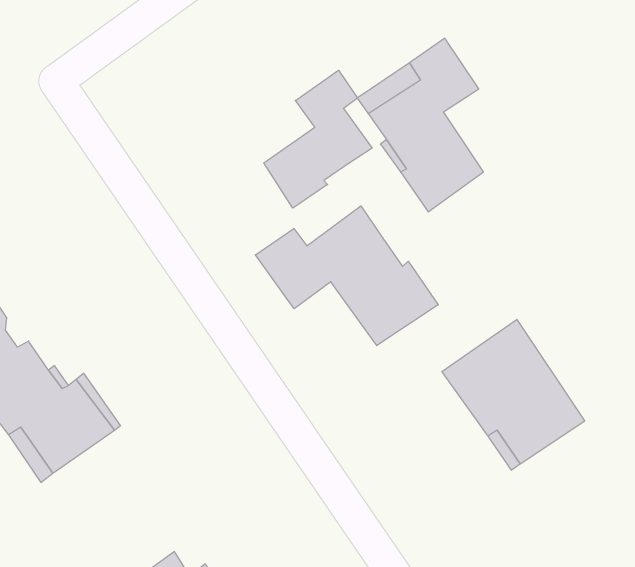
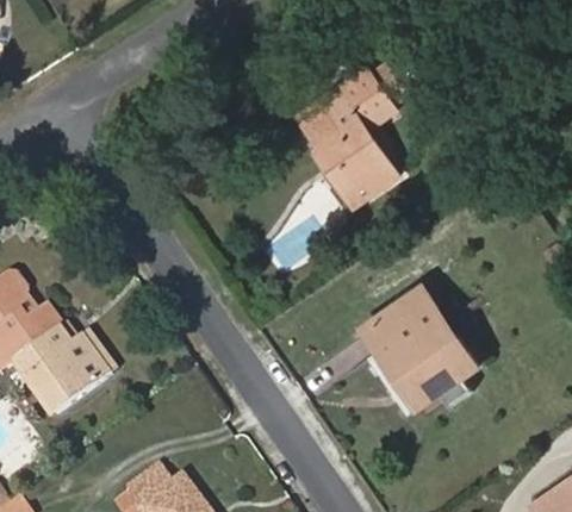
building: [264,70,372,208] -> none
building: [255,206,438,346] -> none

